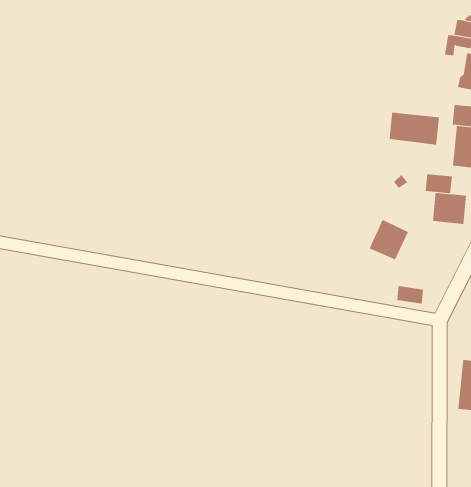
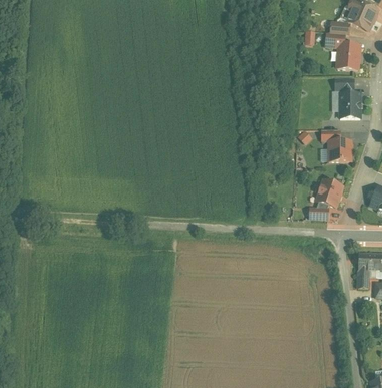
building: [389,112,439,145] -> none
building: [369,219,409,260] -> [316,180,342,208]

